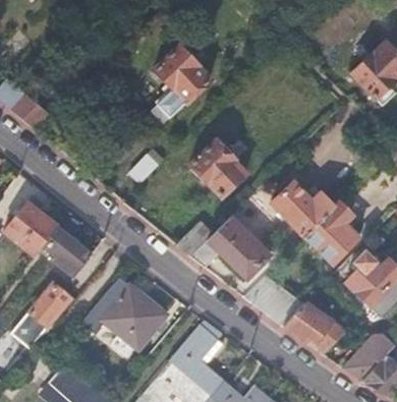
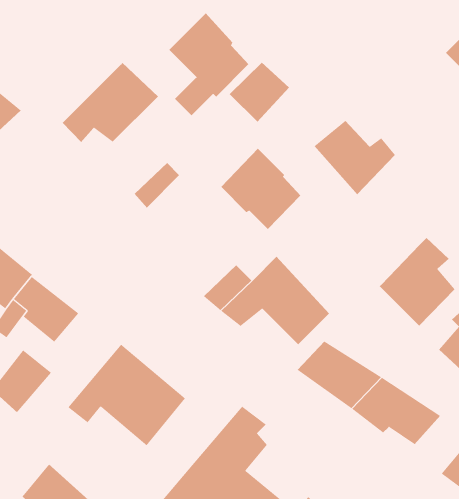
building: none -> [229,62,290,123]
building: none -> [62,62,159,143]
building: [273,183,331,236] -> [314,120,396,195]

